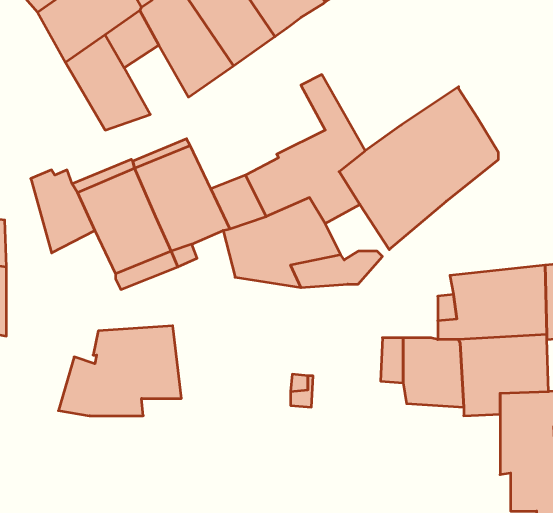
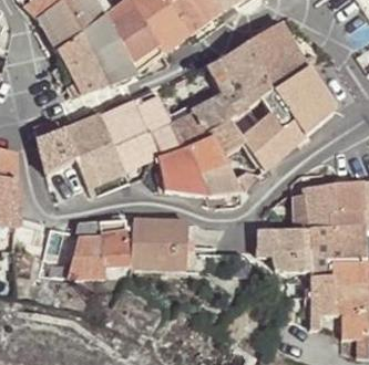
building: none -> [219,22,307,107]
building: none -> [93,40,134,84]
building: none -> [130,217,187,269]
building: none -> [309,275,334,327]

